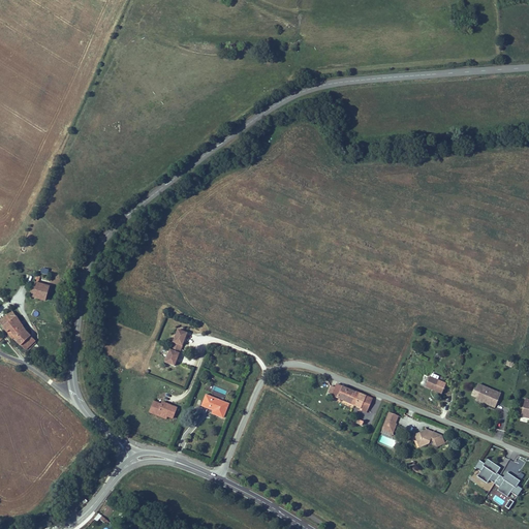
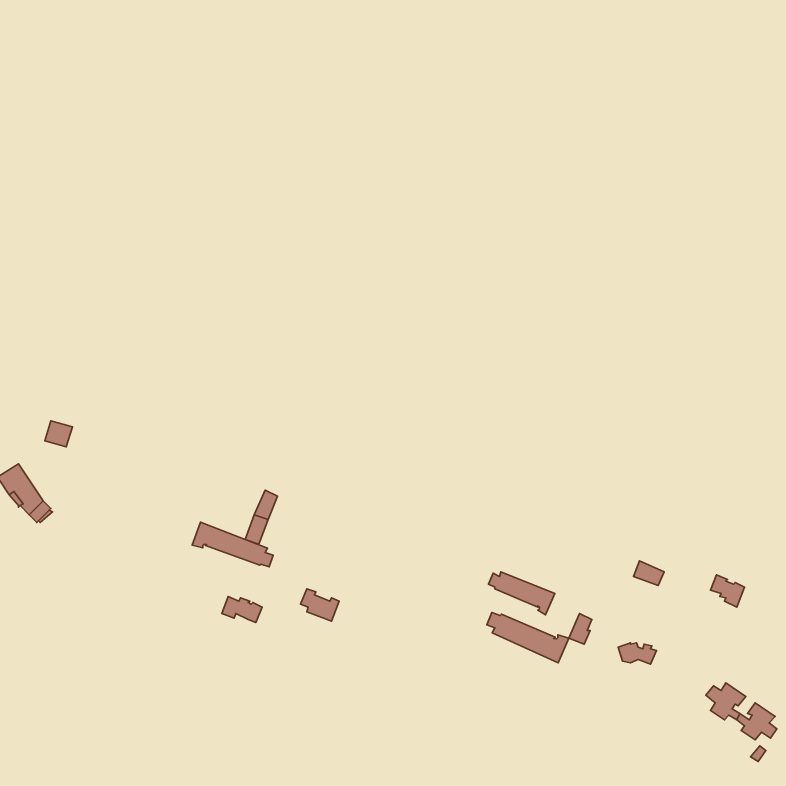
building: none -> [192,522,273,567]
building: none -> [487,612,569,663]

